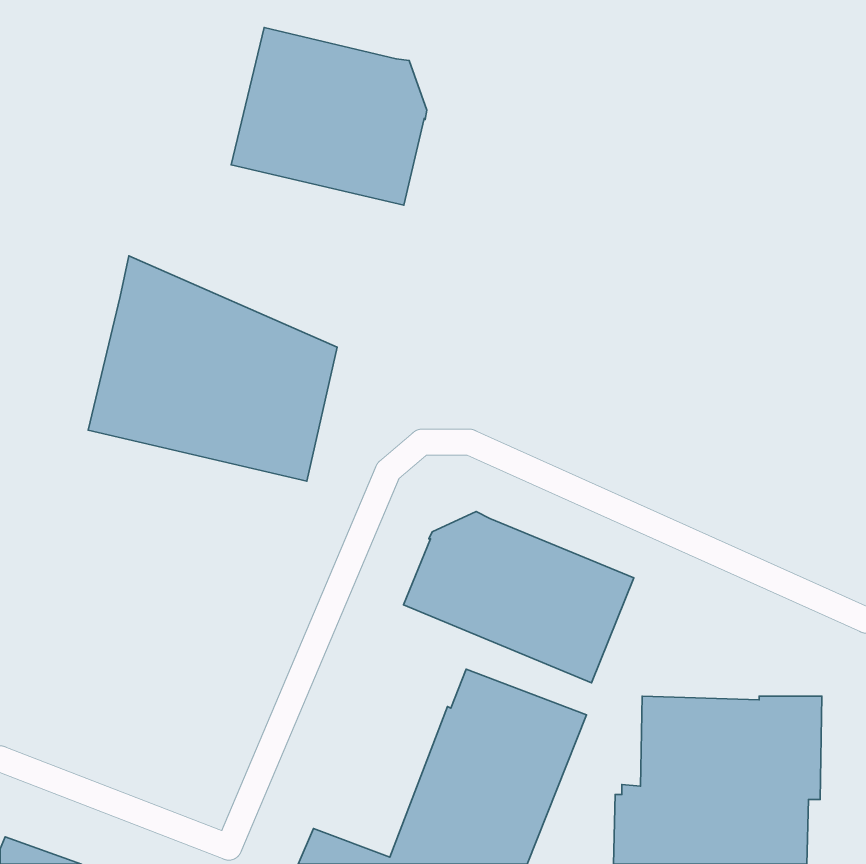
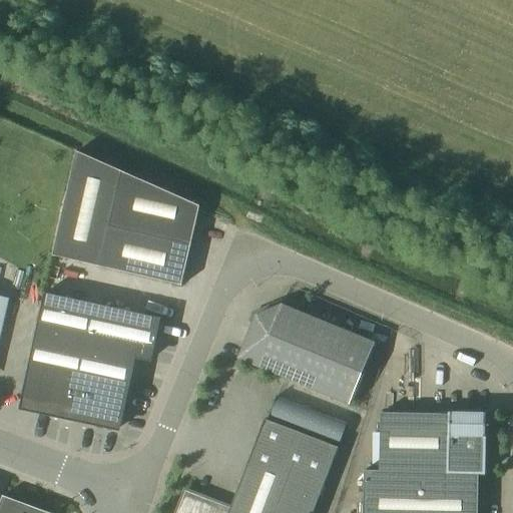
building: [231,28,427,205] -> none
building: none -> [20,293,159,428]

